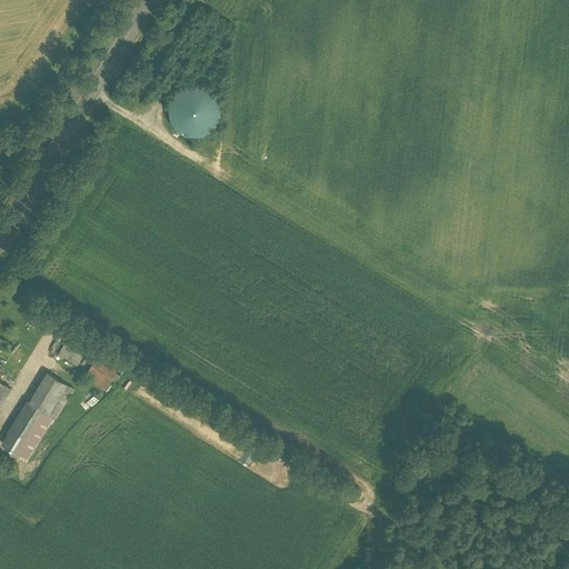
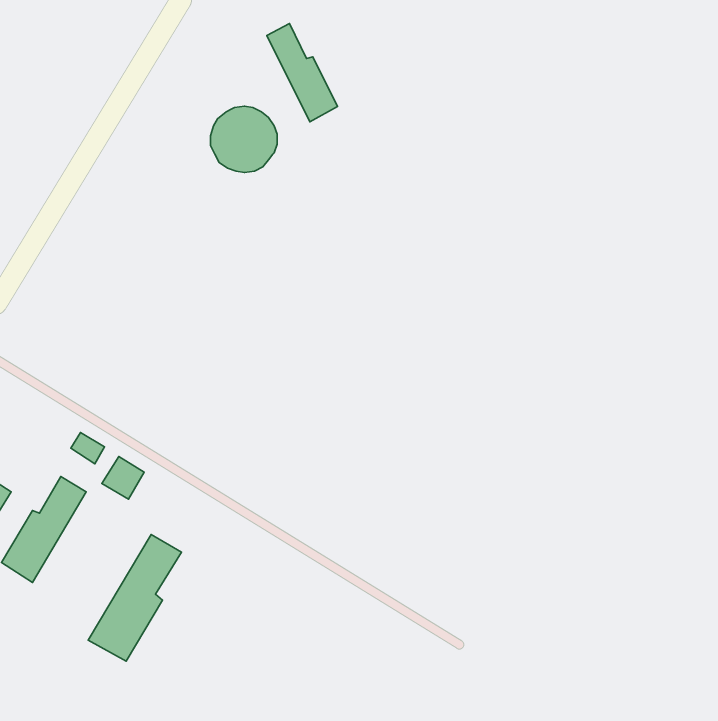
building: none -> [267,24,338,122]
building: none -> [88,534,181,661]

